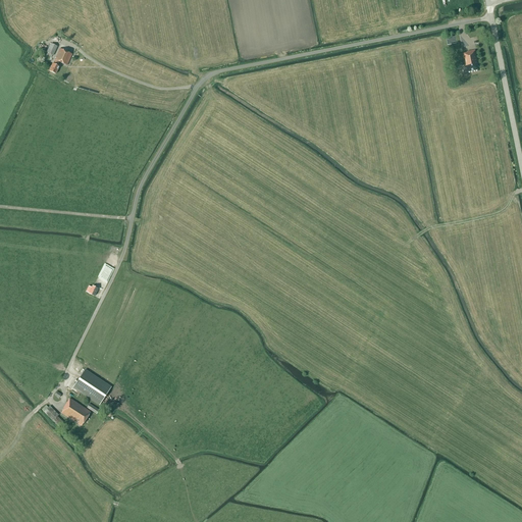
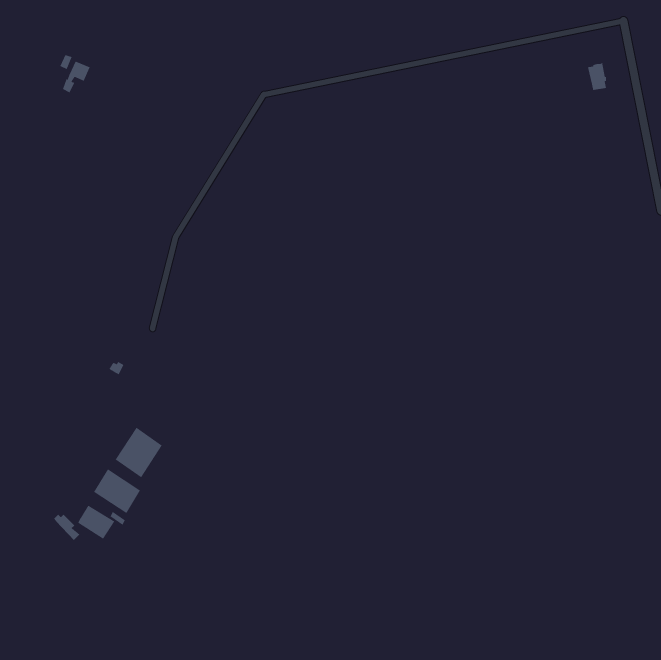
building: none -> [115,427,163,478]

